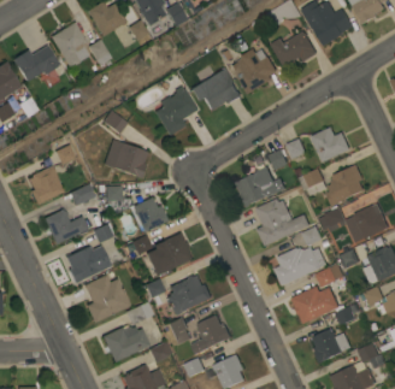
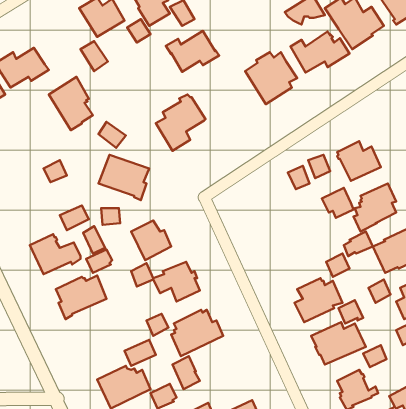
building: [52,22,90,69] -> [49,77,93,130]
building: [198,75,244,111] -> [166,31,219,72]
building: [30,166,65,205] -> none
building: [238,167,287,207] -> none
building: [259,199,312,247] -> none
building: [86,275,131,323] -> none
building: [200,316,234,348] -> none

